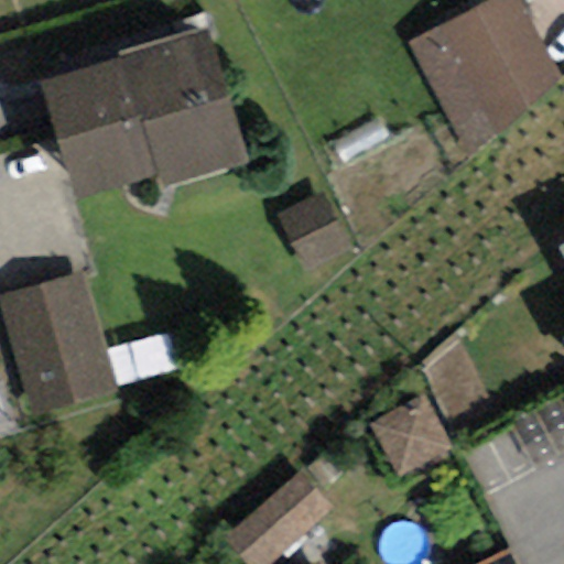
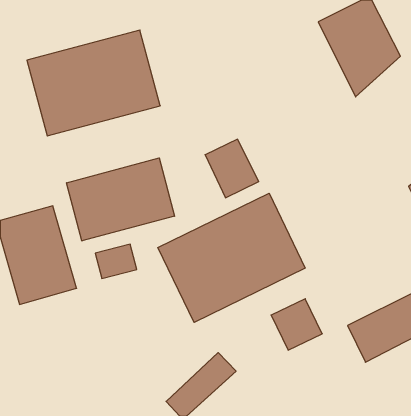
building: none -> [67,158,175,241]
building: none -> [158,193,305,322]

